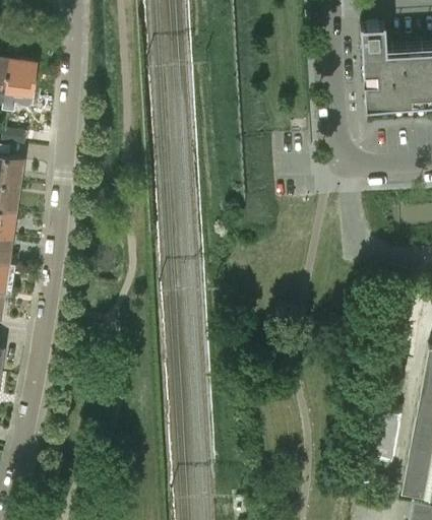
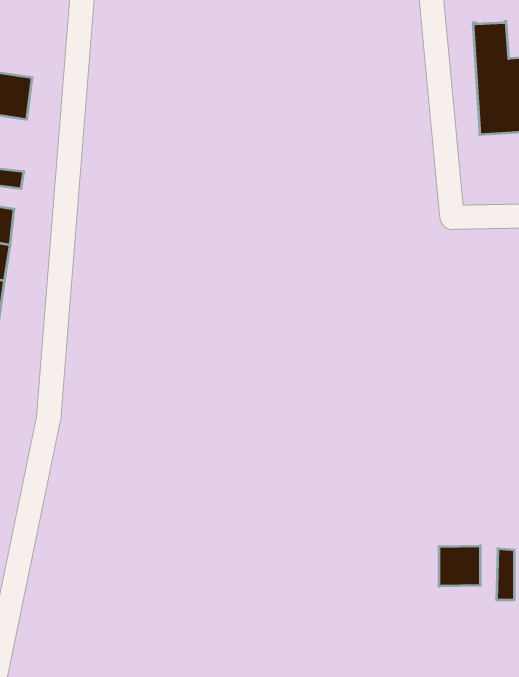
building: none -> [439,546,480,586]

